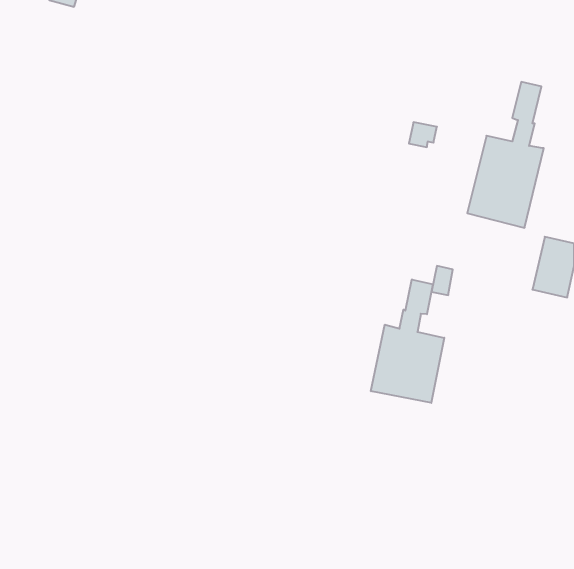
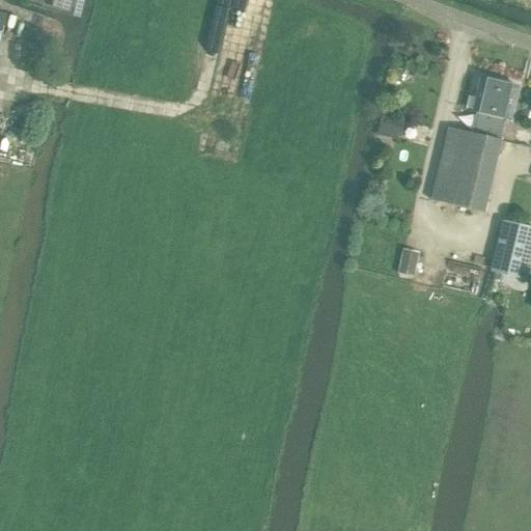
building: none -> [488,80,520,137]
building: [371,279,444,403] -> none

